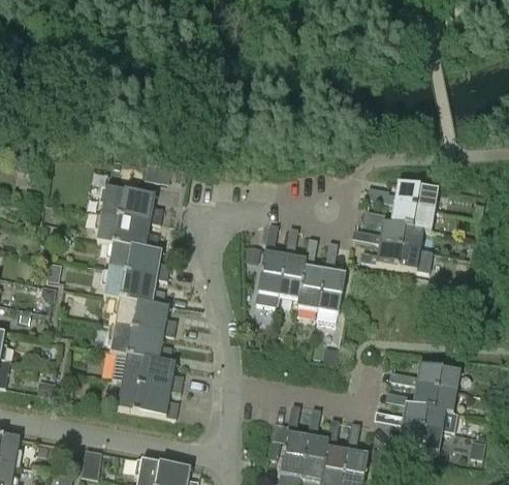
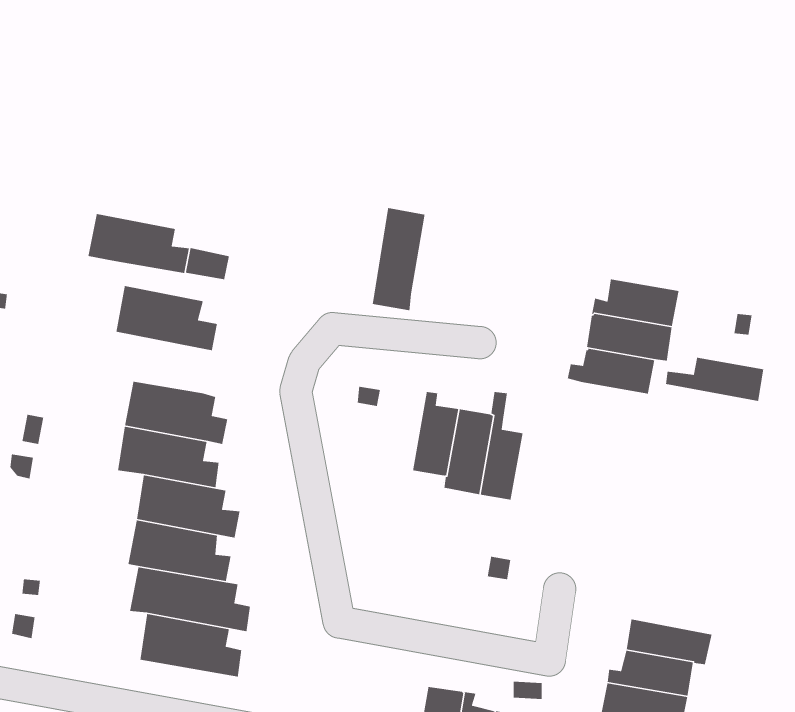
building: [97,212,158,248] -> [87,213,190,274]
building: [360,242,419,269] -> [665,357,764,402]
building: [255,243,287,305] -> [372,207,426,311]
building: [409,363,460,392] -> none

